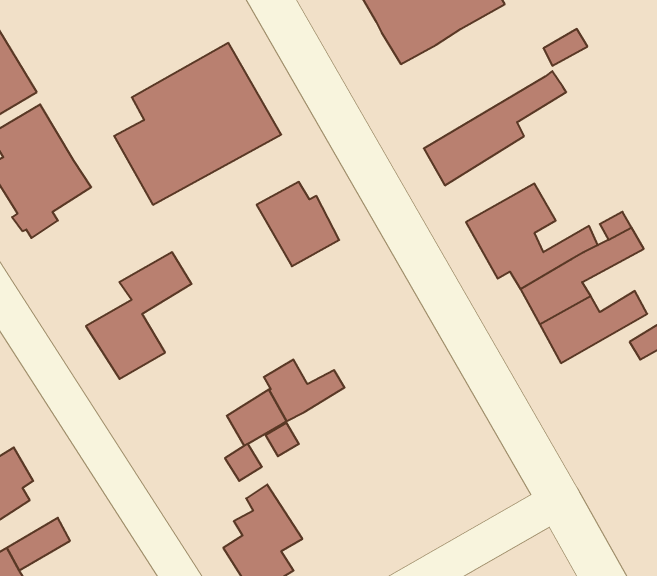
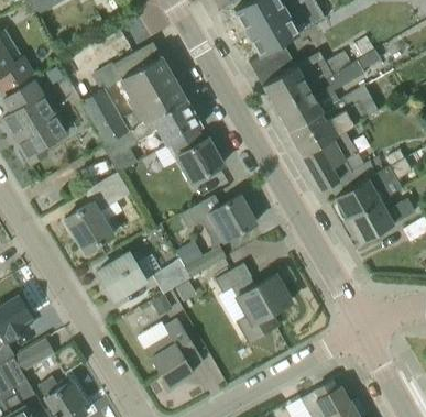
building: none -> [249,44,351,109]
building: none -> [288,87,378,155]
building: none -> [101,100,201,160]
building: none -> [181,196,256,241]
building: none -> [97,254,144,300]
building: none -> [215,264,291,341]

